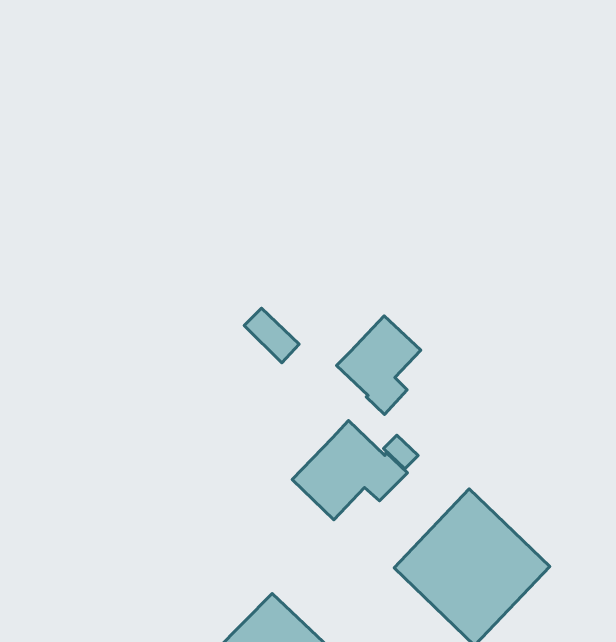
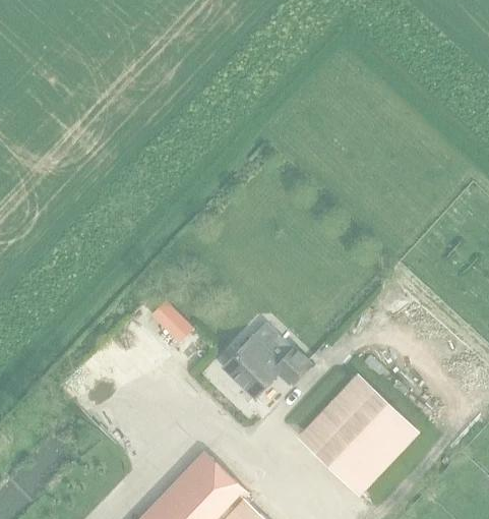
building: [244,308,299,363] -> [151,301,193,343]
building: [337,316,421,415] -> none

